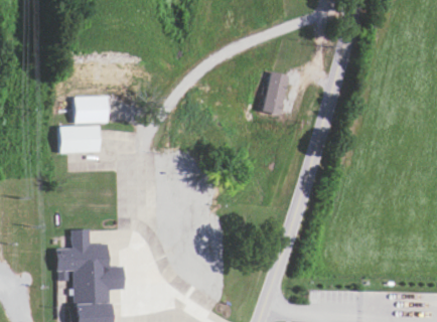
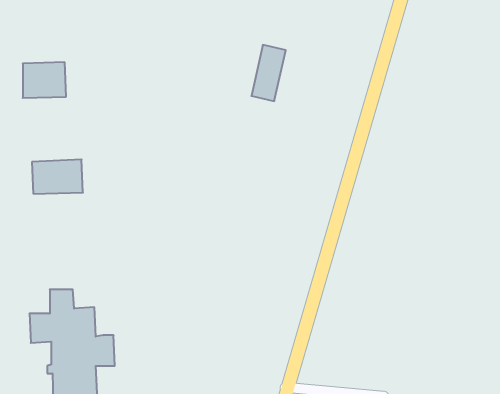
building: [260,71,287,116] -> [251,45,286,101]
building: [75,98,109,126] -> [23,62,66,98]

